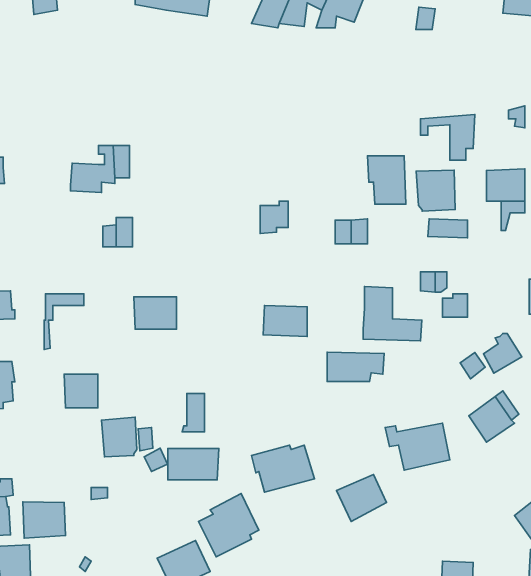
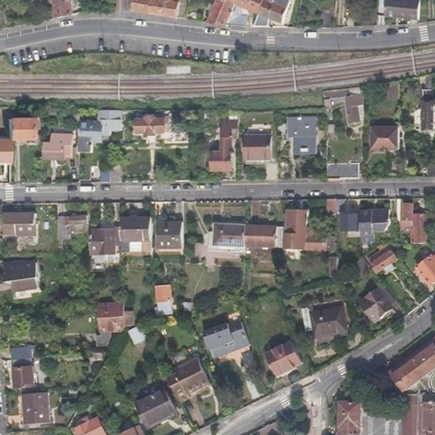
building: none -> [135,116,164,134]
building: none -> [220,118,237,153]
building: [416,170,455,211] -> none
building: none -> [44,134,72,160]
building: none -> [244,135,270,158]
building: none -> [359,209,389,243]
building: none -> [160,219,184,242]
building: [327,352,384,382] -> [245,224,286,245]
building: [64,374,98,408] -> [91,229,115,253]
building: [168,448,219,480] -> none
building: [23,502,65,538] -> none

